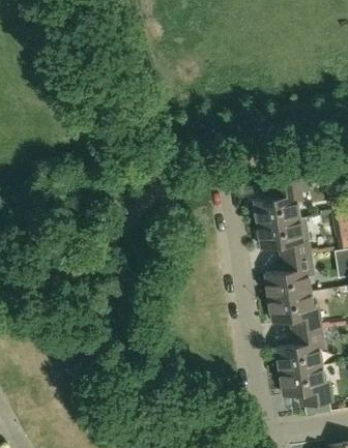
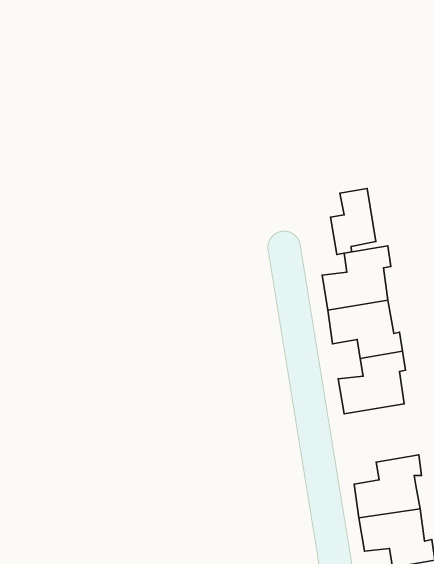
building: none -> [331,189,376,255]
building: [268,292,321,333] -> none

